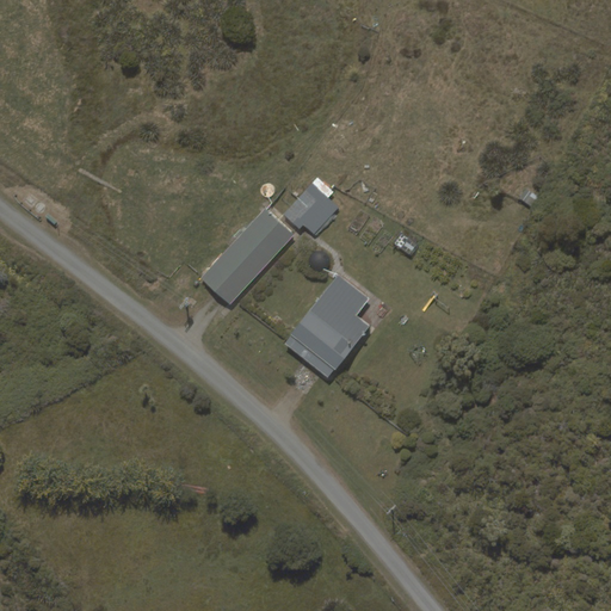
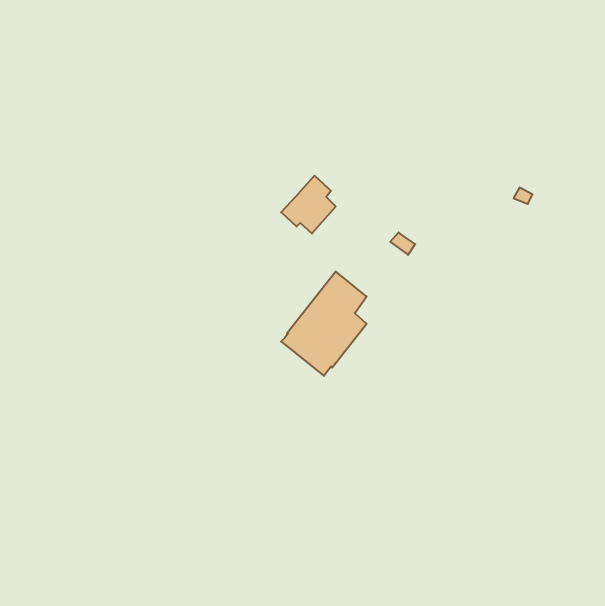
building: [199,209,292,306] -> none

